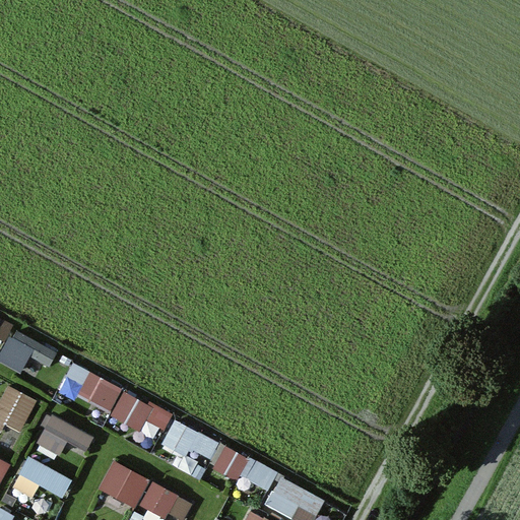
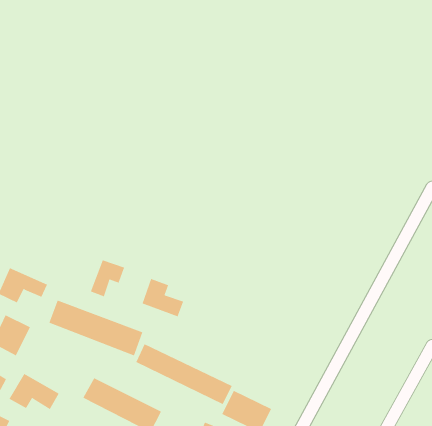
building: none -> [90,259,125,297]
building: none -> [142,278,184,317]
building: [36,416,94,455] -> none

